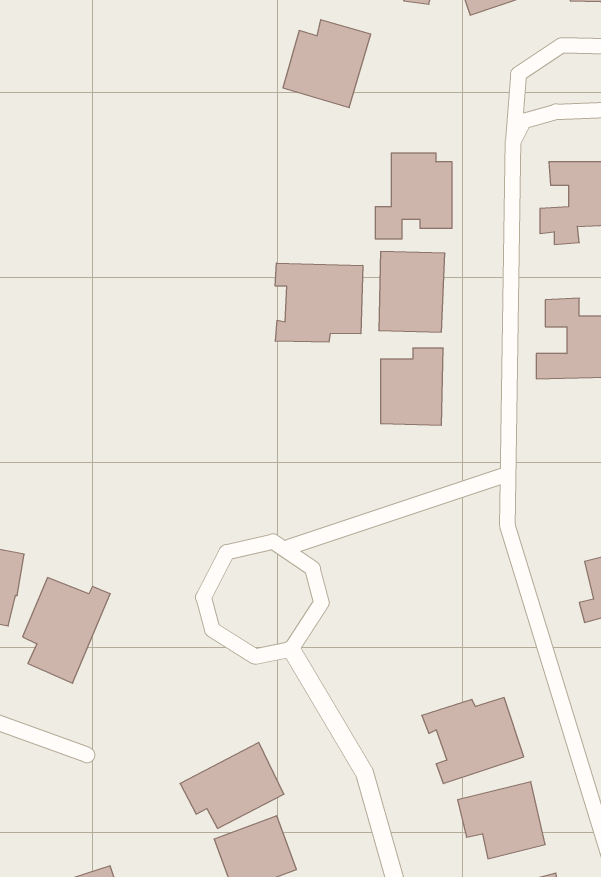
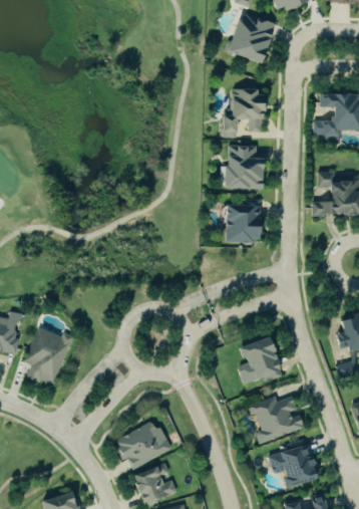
building: [283,20,371,108] -> [226,14,275,63]
building: [275,263,363,342] -> none
building: none -> [237,336,283,385]

